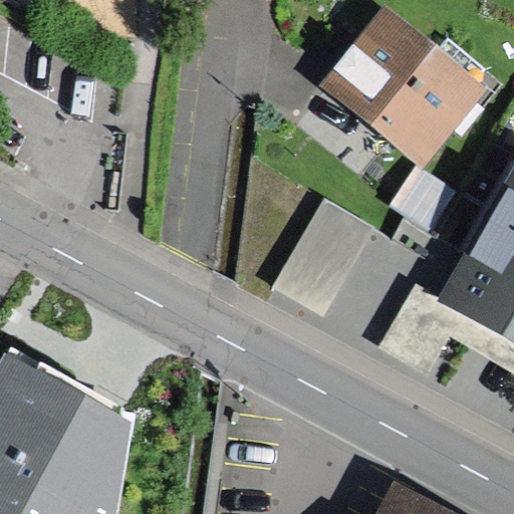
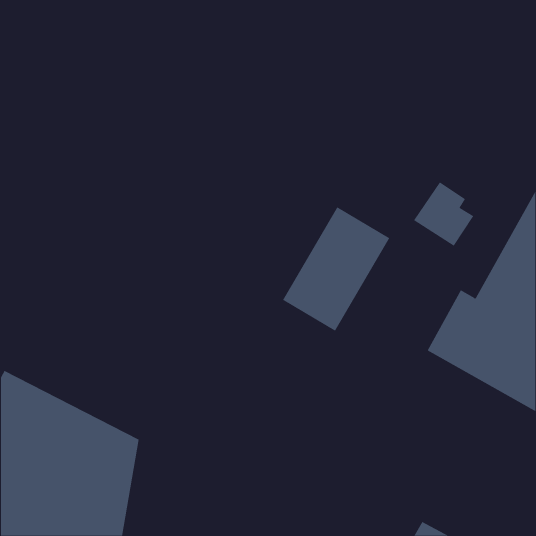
building: [340,10,479,148] -> none

